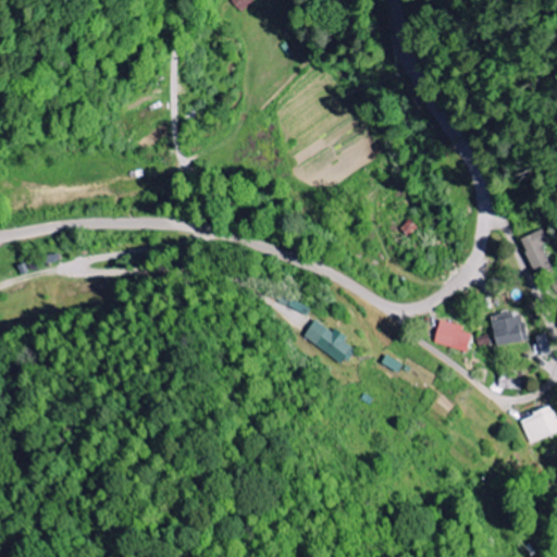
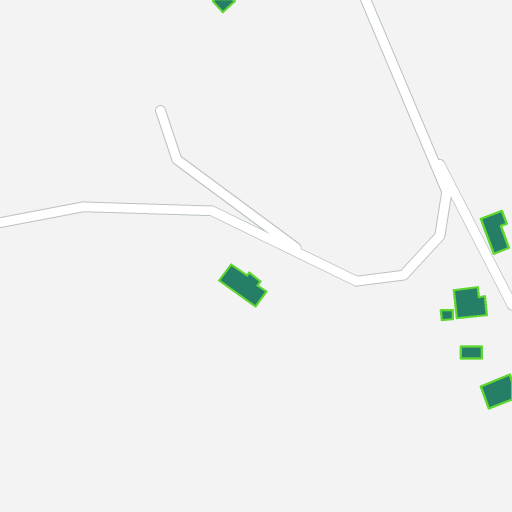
building: [304,319,355,364] -> [219,264,266,307]
building: [434,320,472,351] -> none

